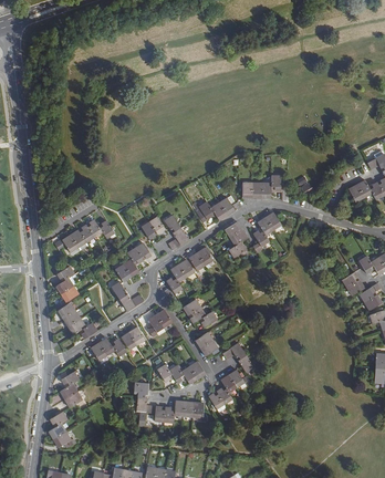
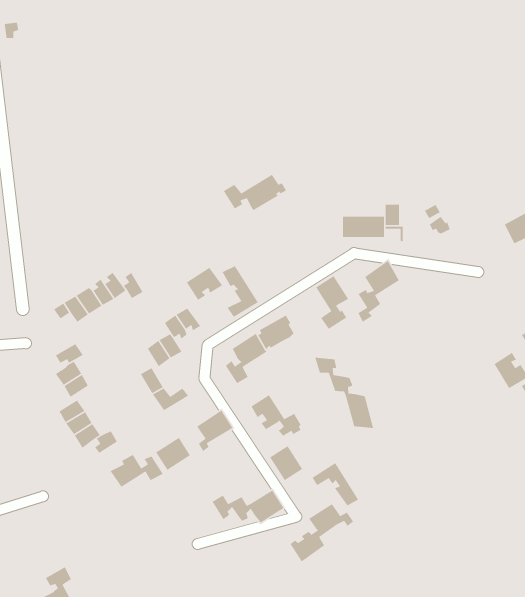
building: [198,195,240,219] -> [223,174,287,211]
building: none -> [314,357,374,429]
building: [59,371,83,407] -> none
building: [134,382,206,422] -> none

